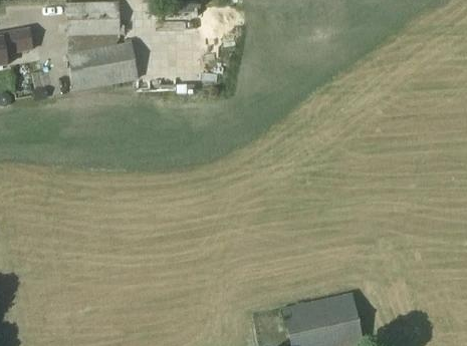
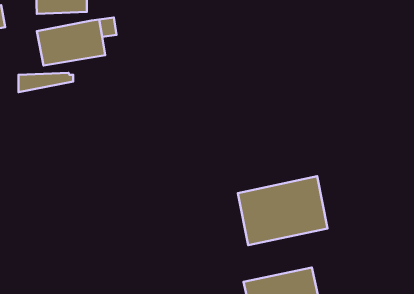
building: [67,33,125,53] -> [18,73,73,92]
building: none -> [238,176,328,245]

